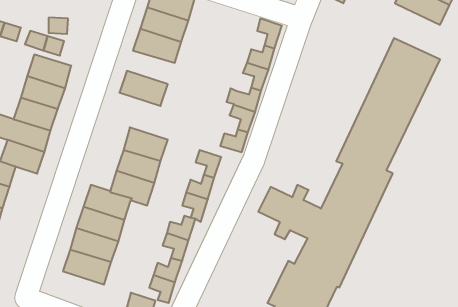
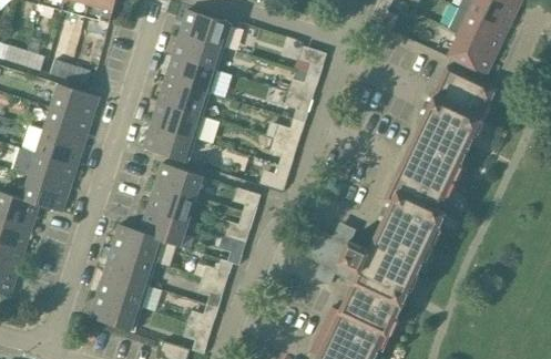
building: none -> [448,34,497,75]
building: none -> [159,80,211,116]
building: none -> [144,125,195,163]

